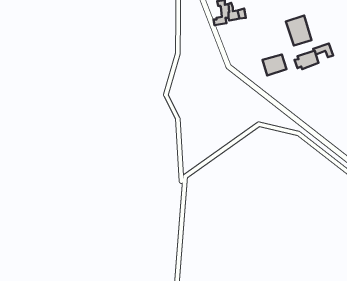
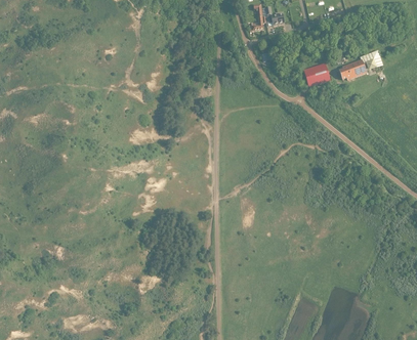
building: [286,15,312,46] -> none

